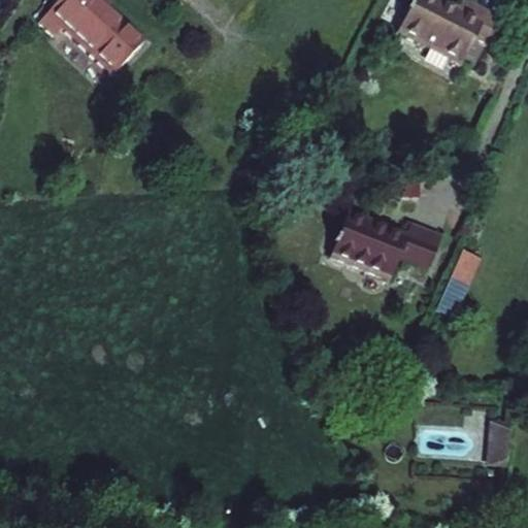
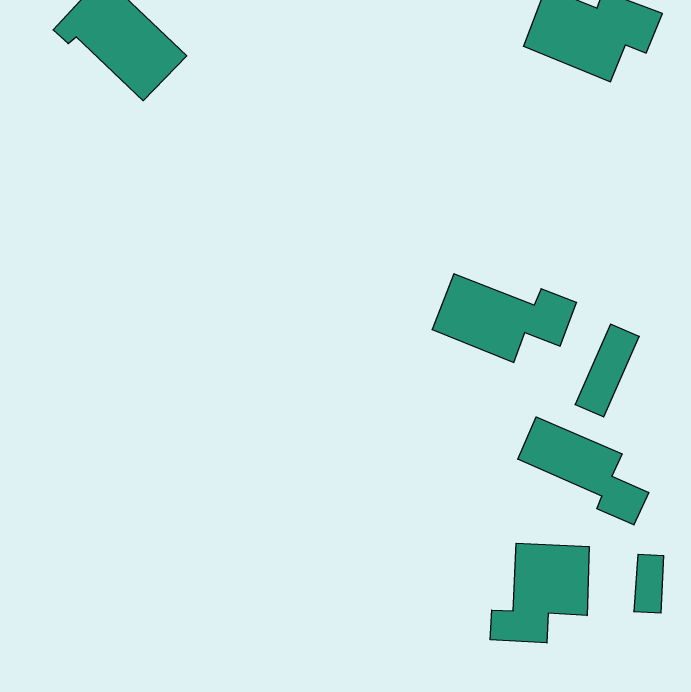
building: none -> [518,417,649,525]
building: none -> [490,543,589,643]

